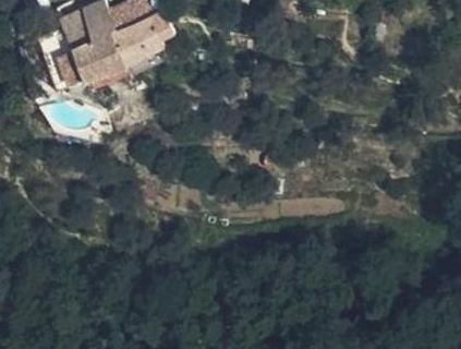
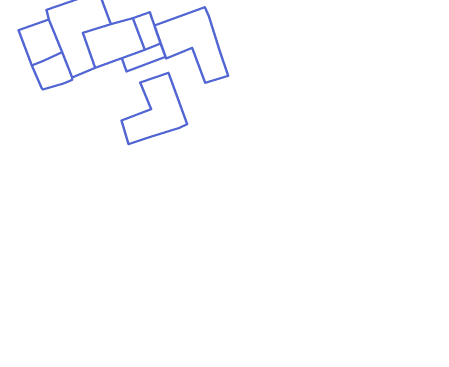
building: none -> [155,7,228,83]
building: none -> [121,73,187,144]

